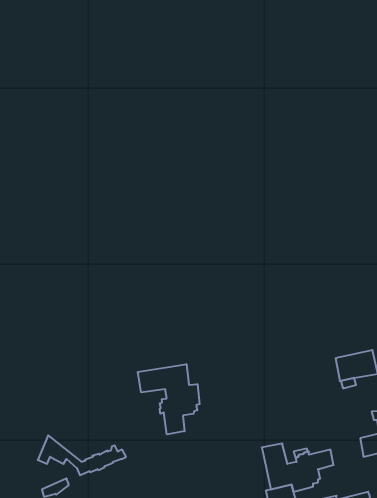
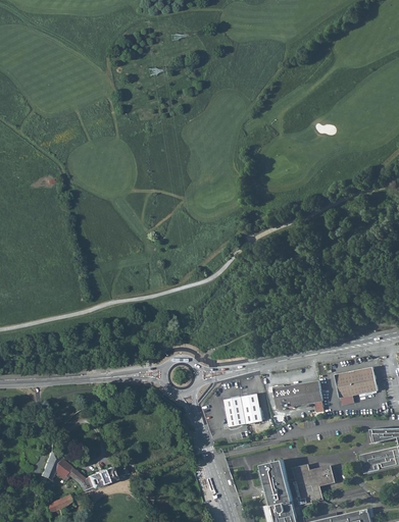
building: none -> [272,380,323,409]
building: [138,364,200,434] -> none
building: none -> [225,394,262,427]

